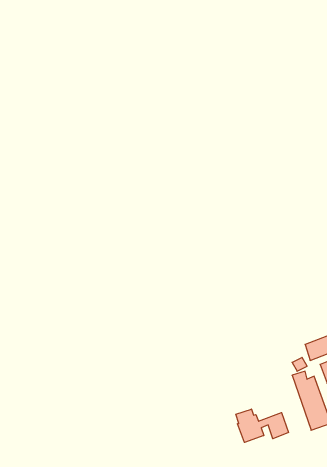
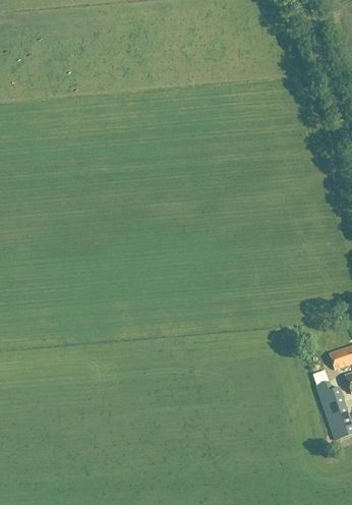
building: [236,409,288,442] -> none

